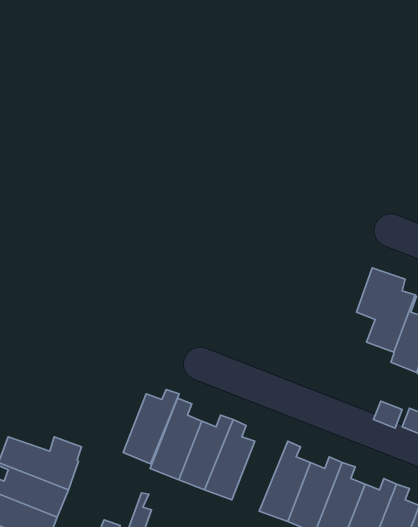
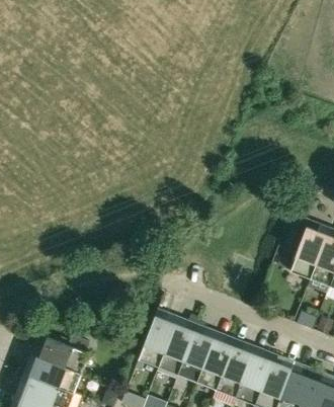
building: [123,389,179,464] -> [196,336,236,389]

